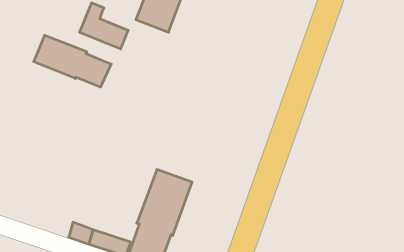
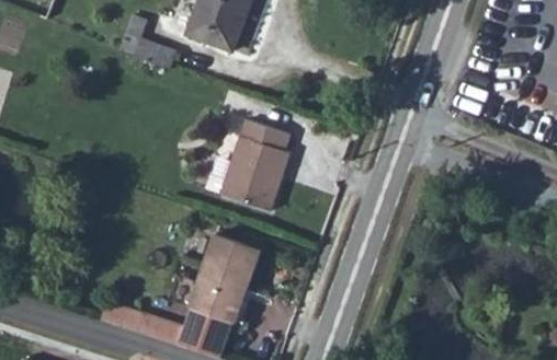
building: [34,35,111,87] -> none
building: none -> [220,115,287,207]

